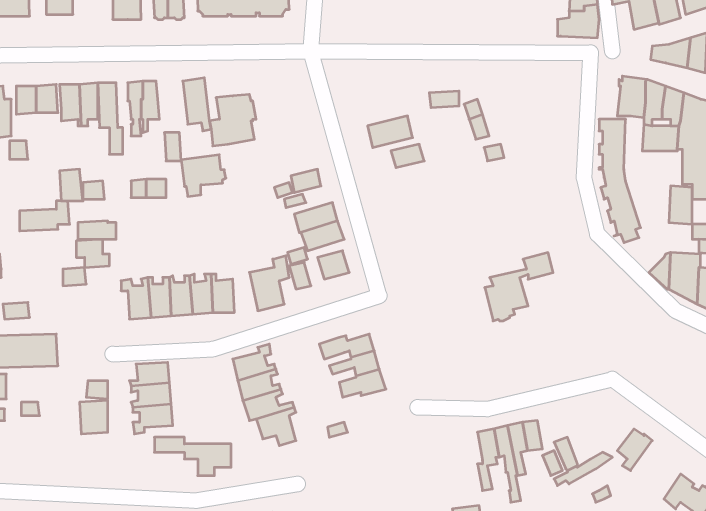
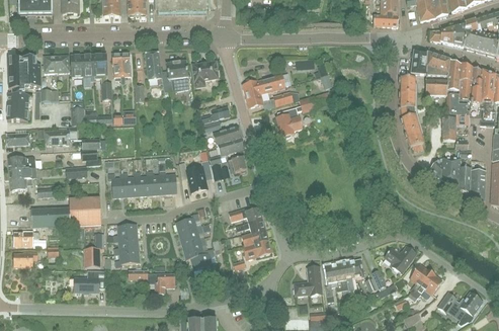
building: none -> [242,80,263,107]
building: [181,155,226,196] -> [192,61,220,86]
building: [485,253,553,321] -> [276,96,318,138]
building: none -> [69,195,101,226]
building: none -> [242,240,272,259]
building: none -> [385,246,416,273]
building: none -> [294,266,323,296]
building: none -> [74,270,106,292]
building: none -> [412,271,442,301]

